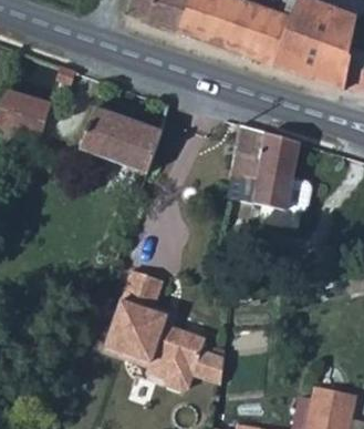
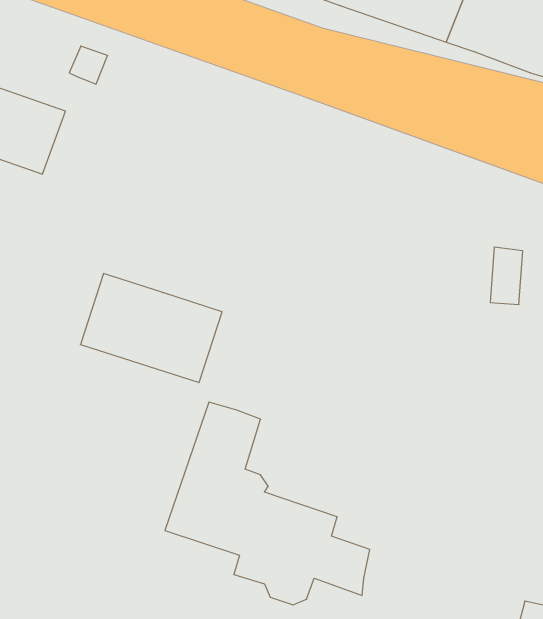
building: [77,106,159,170] -> [80,274,222,383]
building: [232,126,302,208] -> none

